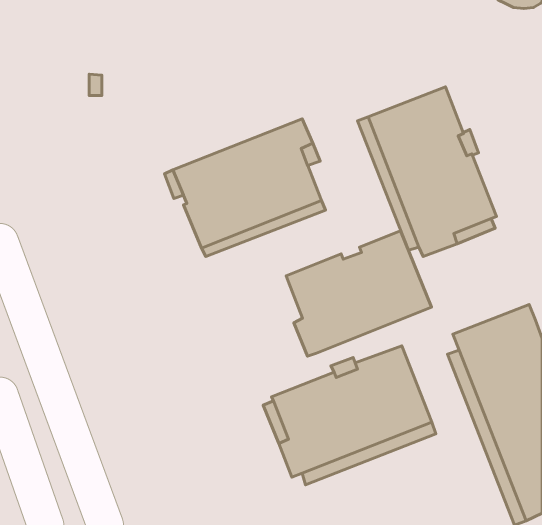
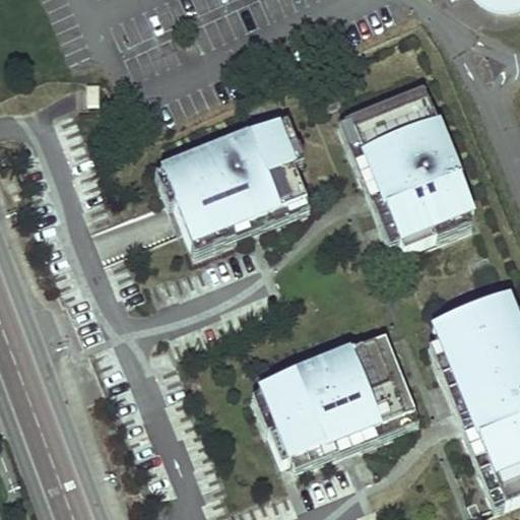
building: [286,231,431,356] -> none

